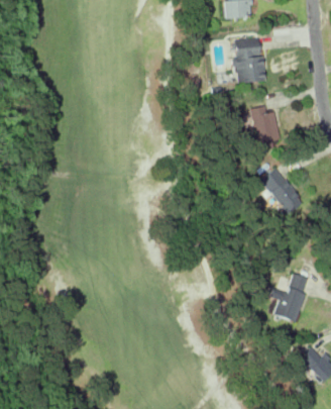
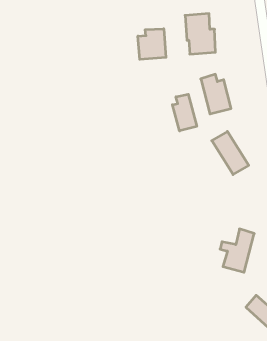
building: none -> [138,29,166,59]
building: none -> [172,94,197,131]

